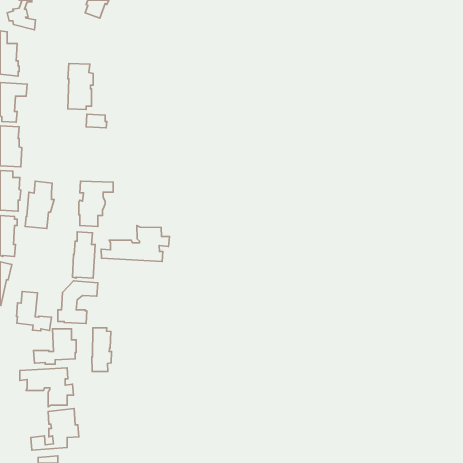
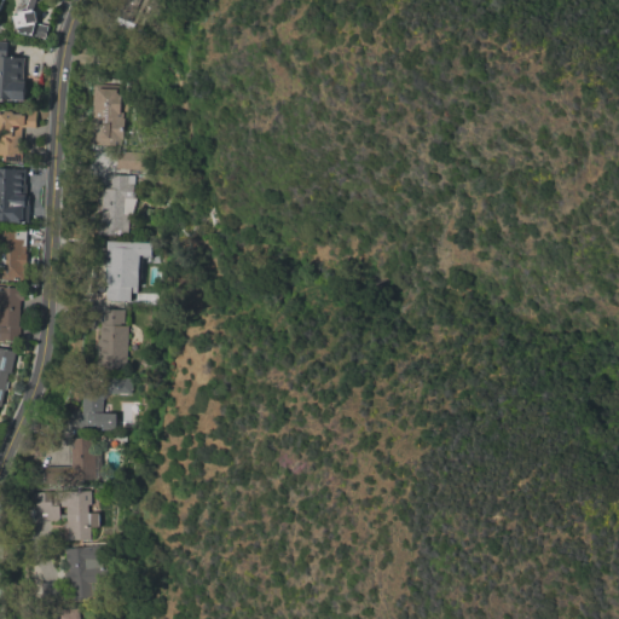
building: [25,181,54,228] -> [97,174,135,237]
building: [101,225,170,261] -> none
building: [17,292,51,331] -> none
building: [92,328,111,372] -> none

